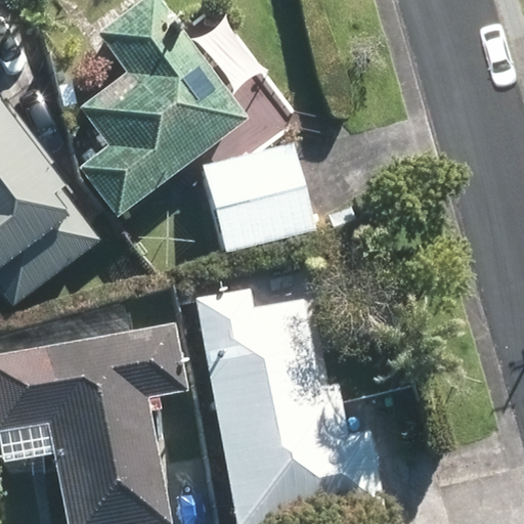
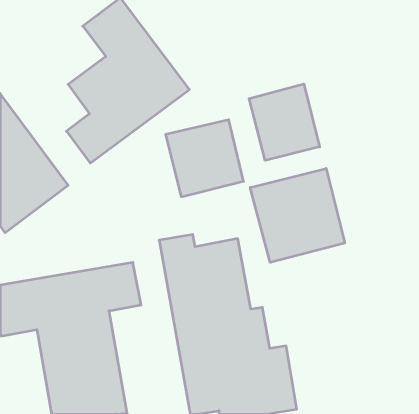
building: none -> [249,84,320,160]
building: none -> [250,168,345,262]

